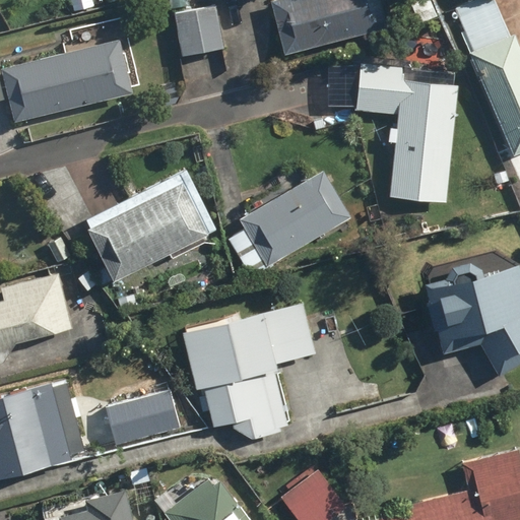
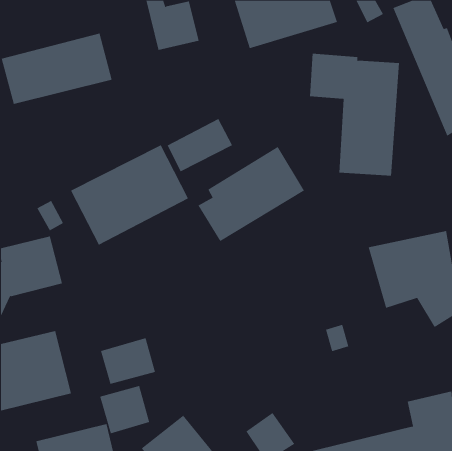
building: none -> [167,118,233,172]
building: [180,303,315,434] -> none
building: none -> [100,385,150,434]

